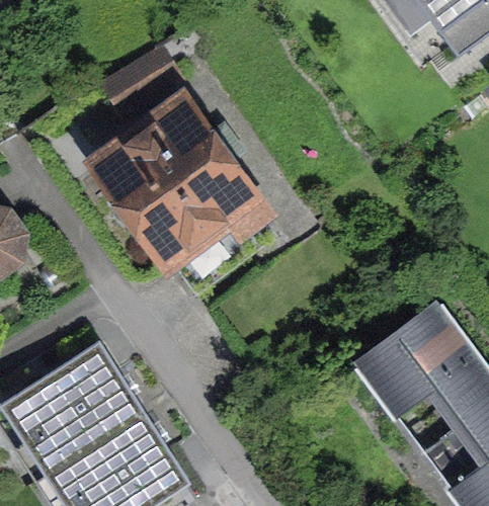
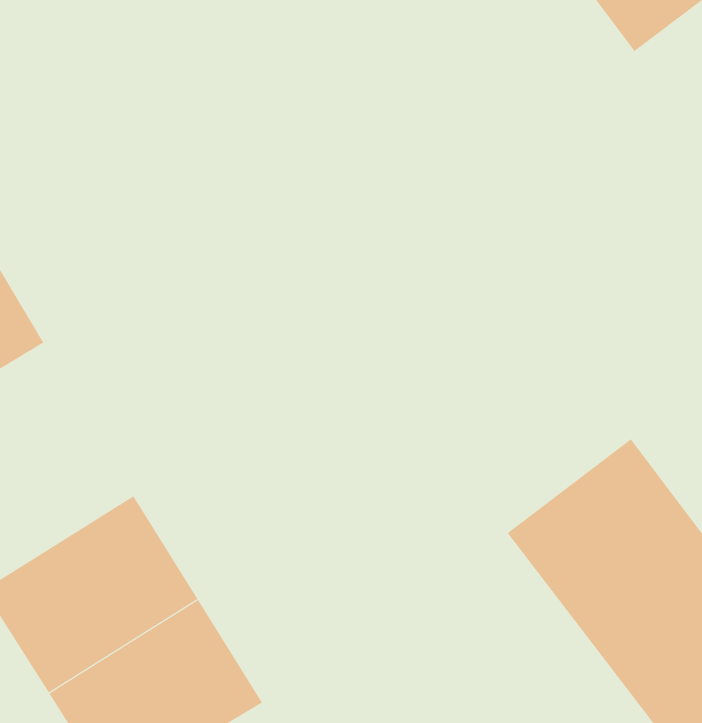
building: [93,85,280,281] -> none

